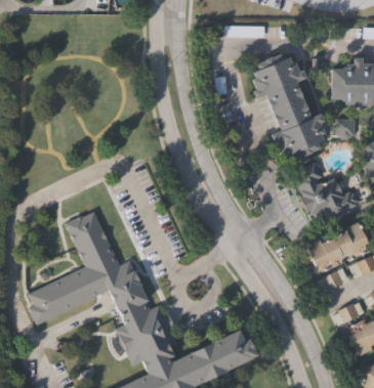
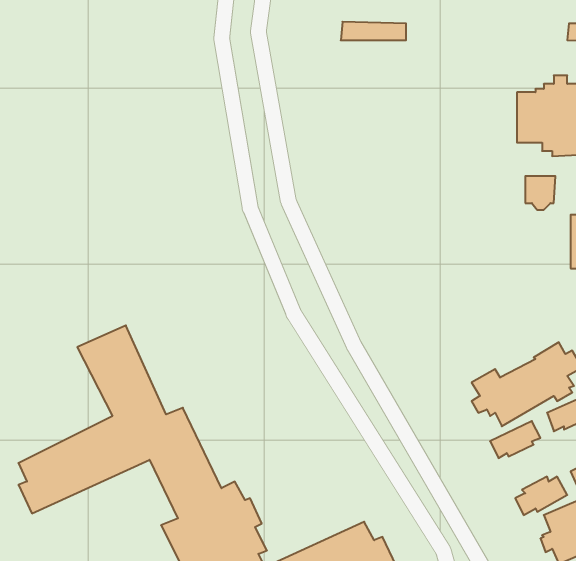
building: [254,55,327,159] -> none
building: [293,162,357,221] -> none

